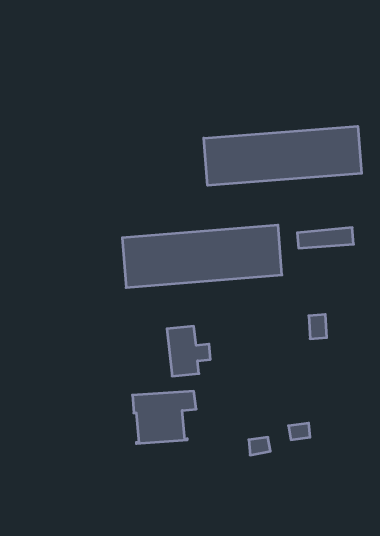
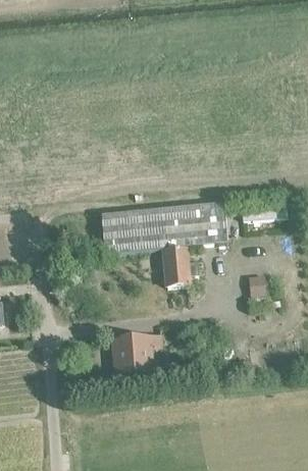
building: [204,126,362,185] -> none
building: [167,326,210,376] -> [162,248,197,287]

